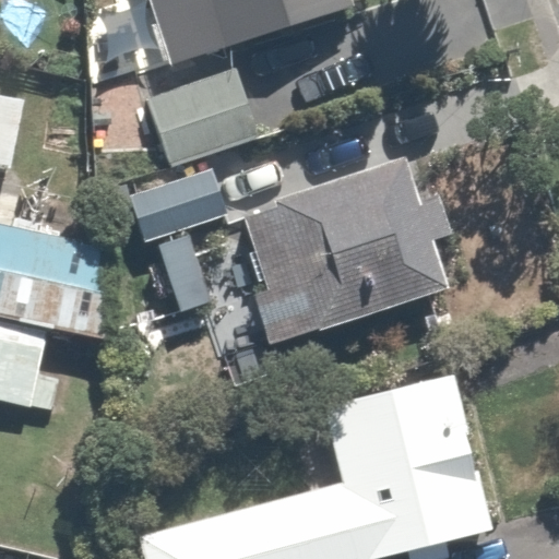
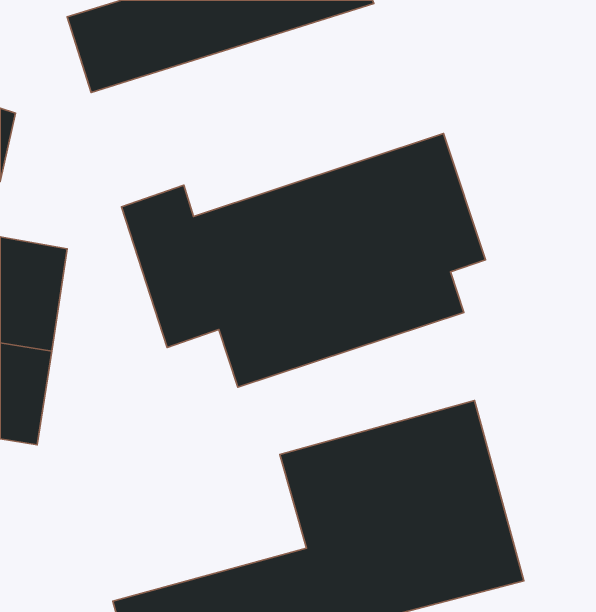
building: [147,66,272,169] -> none

